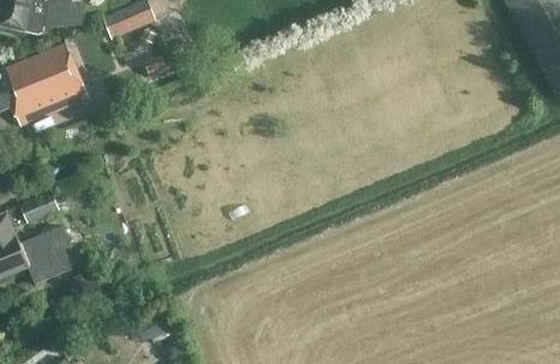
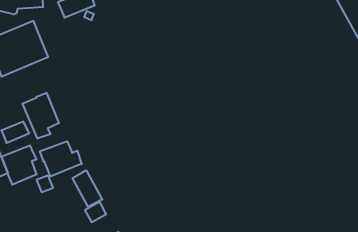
building: none -> [22,93,59,139]
building: none -> [40,141,82,176]
building: none -> [73,170,102,207]

